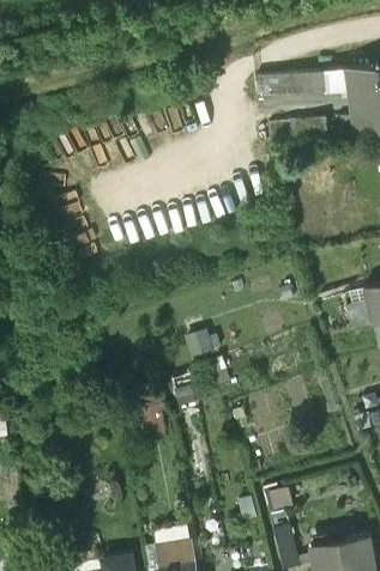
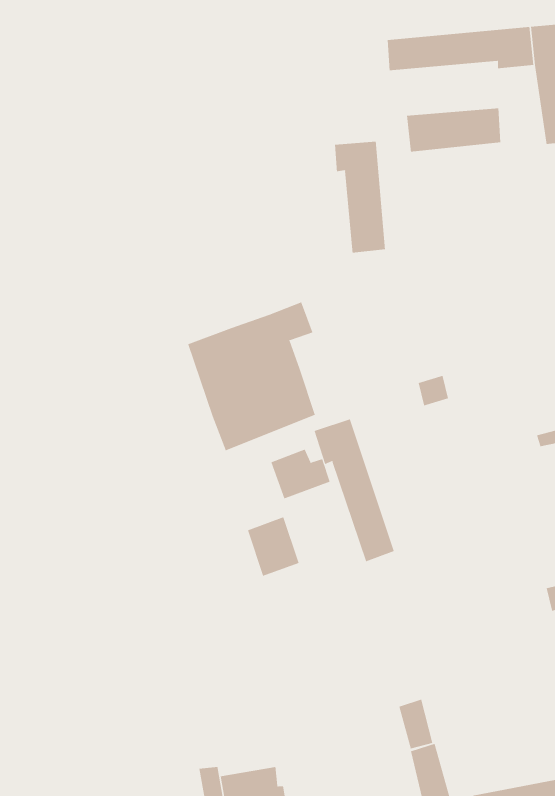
building: none -> [334,141,385,253]
building: none -> [187,302,316,451]
building: none -> [314,419,395,562]

